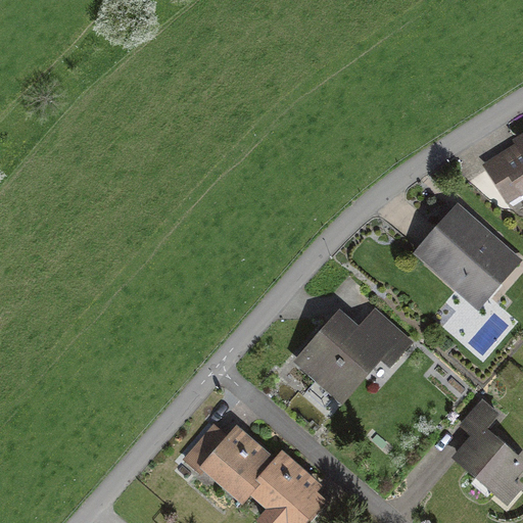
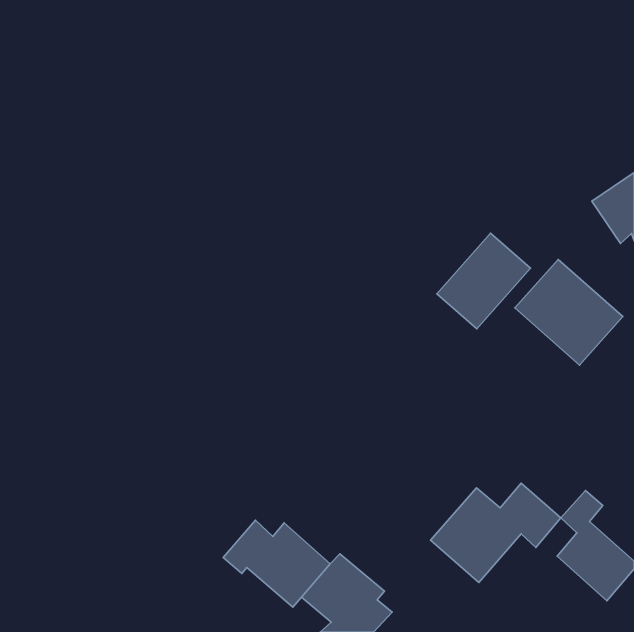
building: none -> [437,233,531,329]
building: [299,315,407,396] -> [431,483,561,582]

